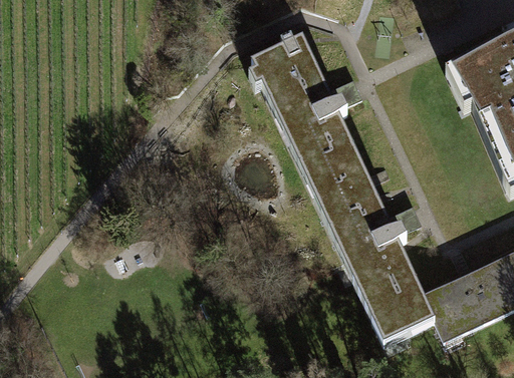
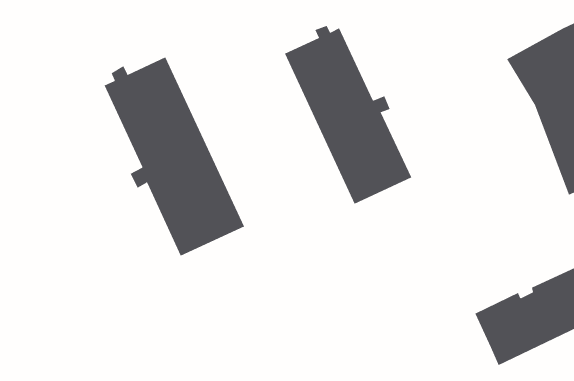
building: none -> [104,56,245,256]
building: [316,172,437,346] -> none

